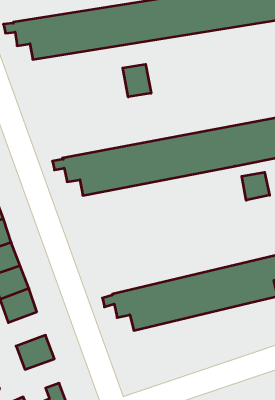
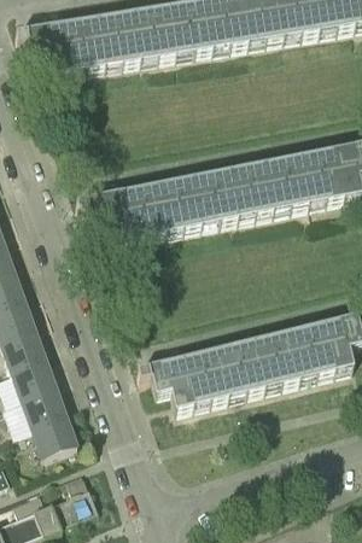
building: [123,64,151,97] -> none
building: [242,172,270,200] -> none
building: none -> [21,387,66,430]

